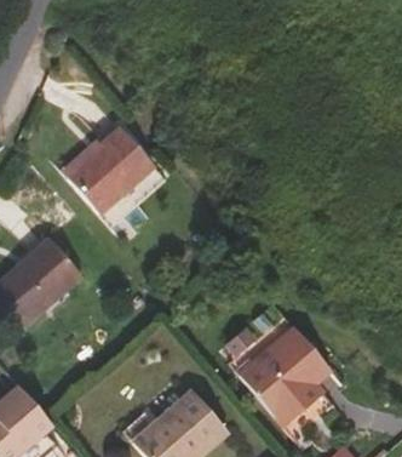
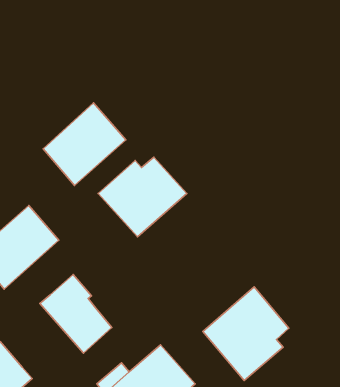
building: none -> [98,157,187,237]
building: none -> [40,275,112,353]

